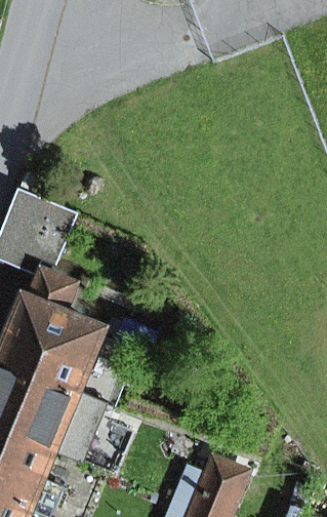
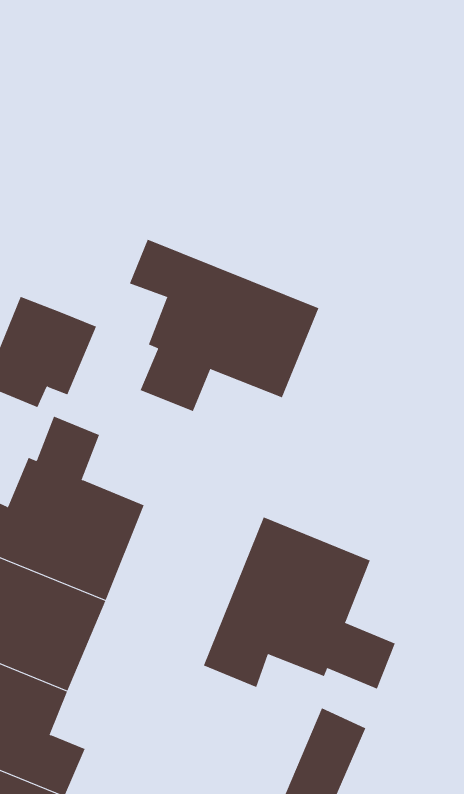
building: none -> [129,239,319,412]
building: none -> [203,517,395,689]

